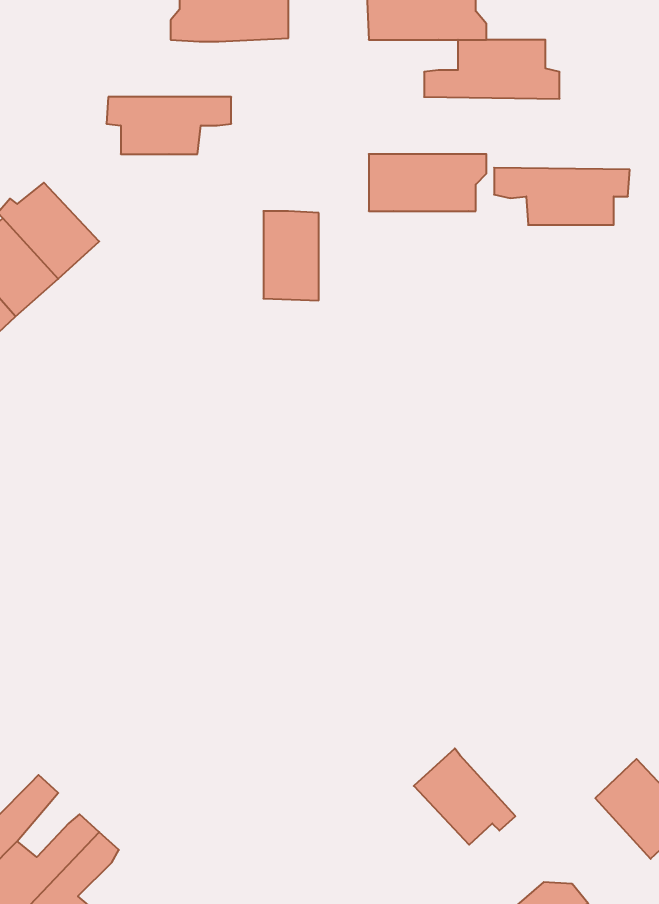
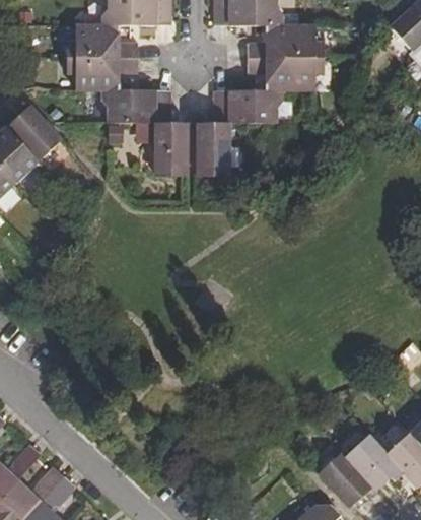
building: none -> [68,24,138,57]
building: none -> [102,88,170,122]
building: [494,168,630,225] -> [248,57,325,89]
building: none -> [199,122,230,173]
building: [414,748,515,845] -> [319,452,376,507]

